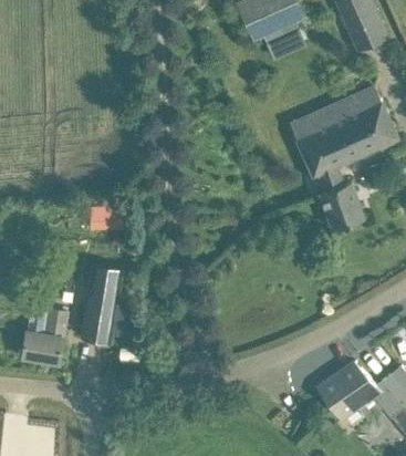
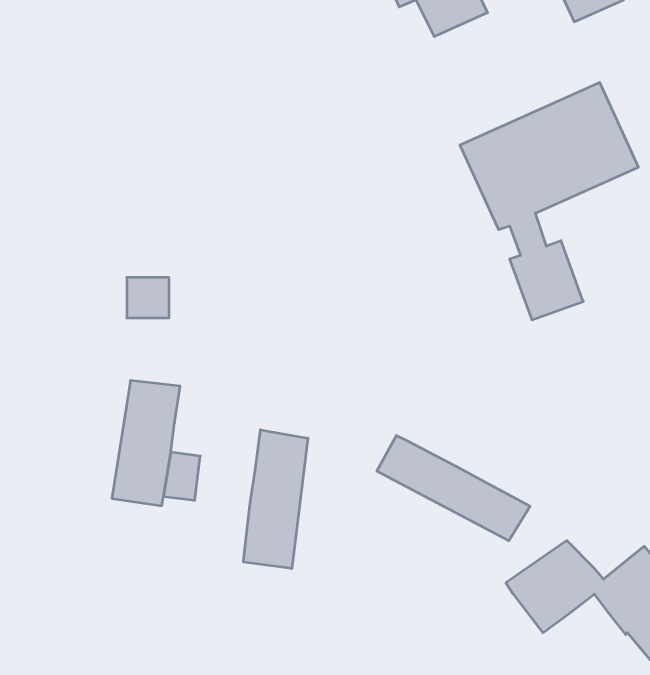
building: none -> [244,430,308,569]
building: none -> [377,435,530,541]
building: [22,305,69,364] -> none

